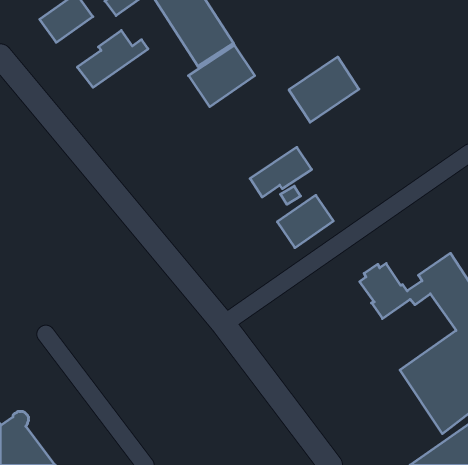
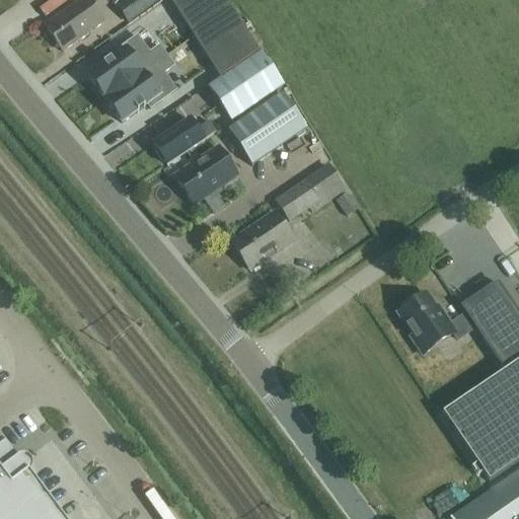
building: none -> [106,52,177,119]
building: [289,57,359,122] -> [230,90,307,162]
building: none -> [154,116,217,160]
building: none -> [175,143,238,201]
building: [277,195,333,248] -> [232,209,294,267]

